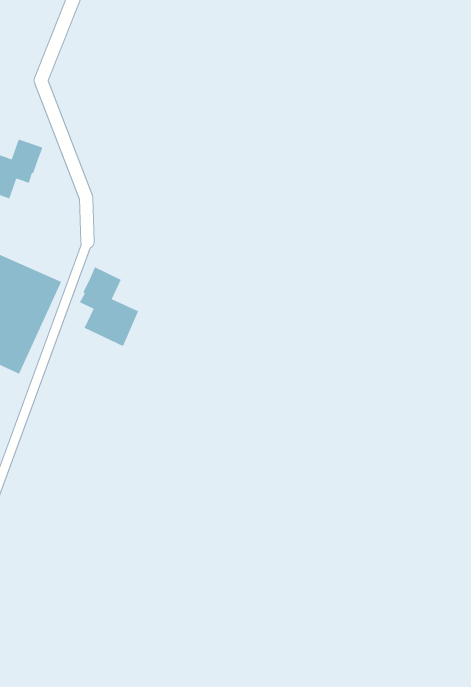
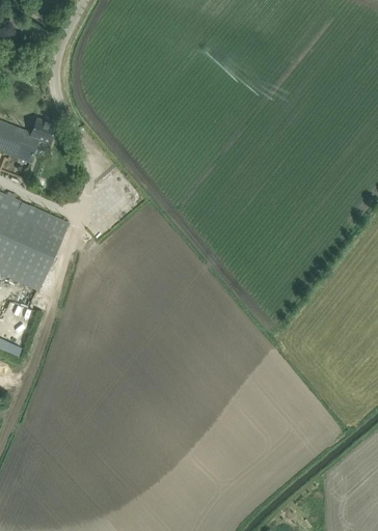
building: [79,266,139,347] -> none

